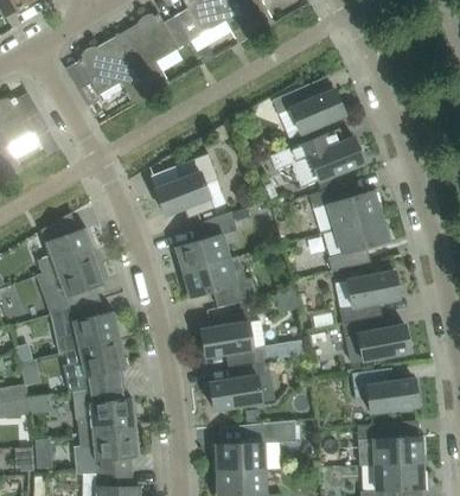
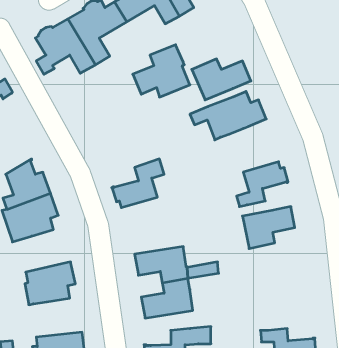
building: [154,153,225,218] -> [133,45,190,97]
building: [308,184,382,233] -> none
building: [181,259,256,305] -> none
building: [62,299,121,352] -> none
building: [343,316,410,363] -> none
building: [351,368,419,412] -> none
building: [74,384,135,433] -> none

